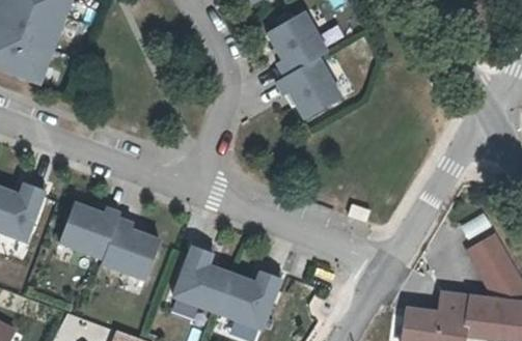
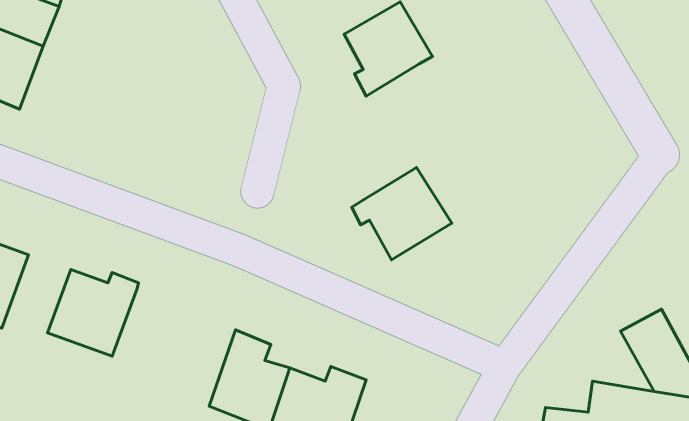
building: [275,57,346,122] -> [352,167,452,260]
building: [103,216,159,282] -> none

